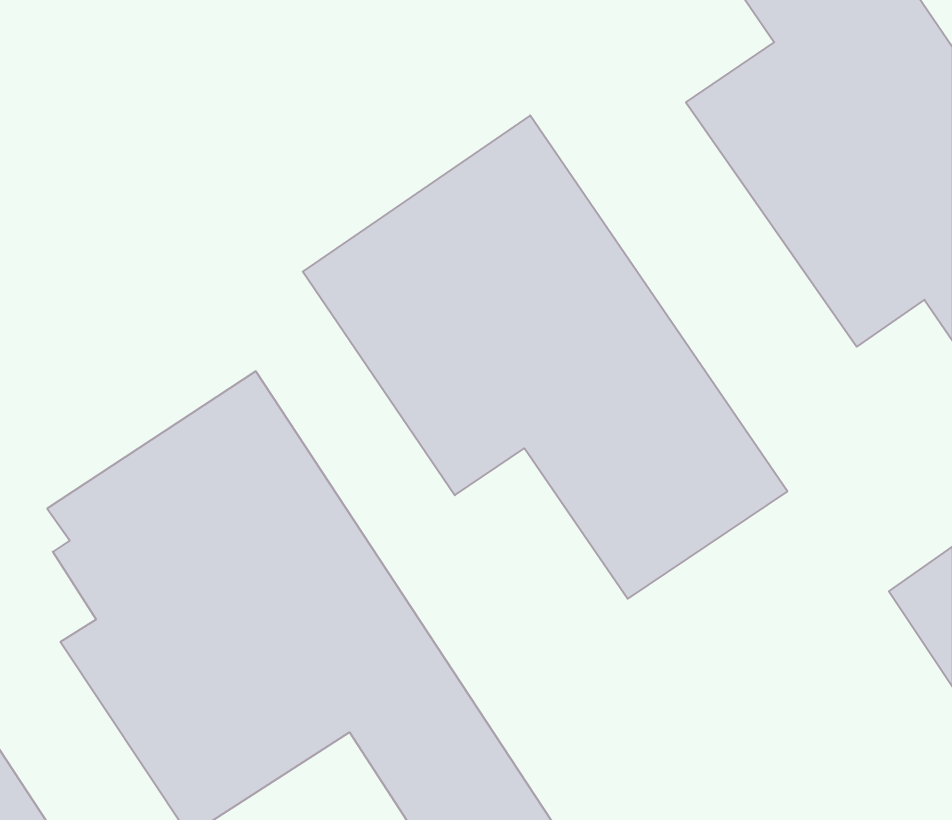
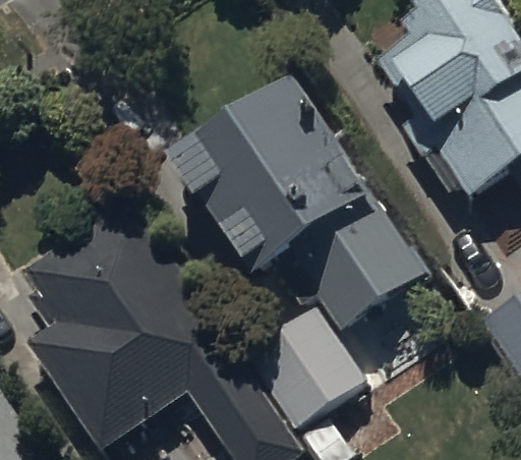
building: none -> [247,312,370,436]

